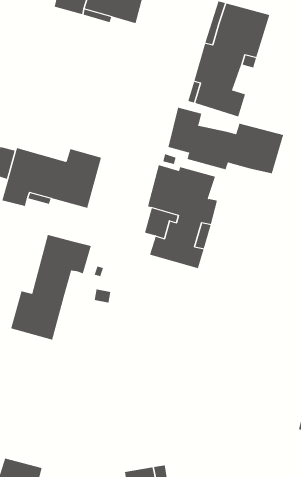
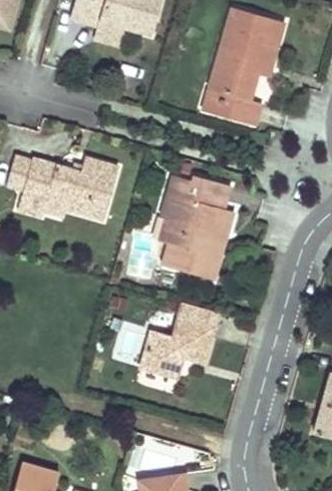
building: [168,107,284,174] -> none
building: [11,234,91,340] -> none
building: none -> [139,303,219,377]

